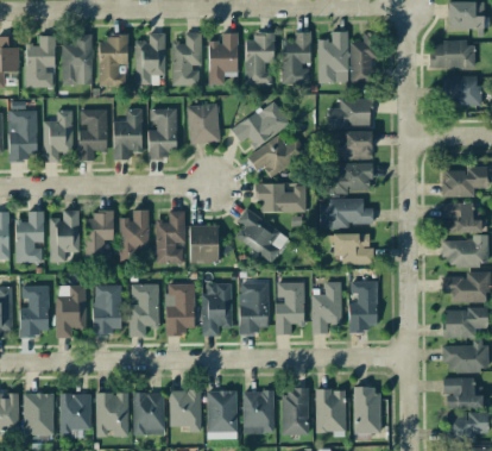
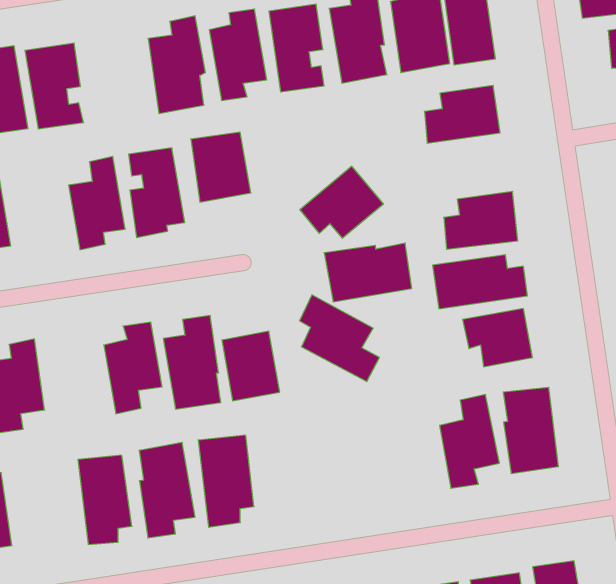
building: [133,32,165,86] -> none
building: [231,100,289,149] -> none
building: [77,109,107,161] -> none
building: [335,131,372,159] -> none
building: [84,209,113,262] -> none
building: [239,280,267,334] -> none
building: [275,282,304,334] -> none
building: [201,283,232,336] -> none
building: [55,286,86,338] -> none

